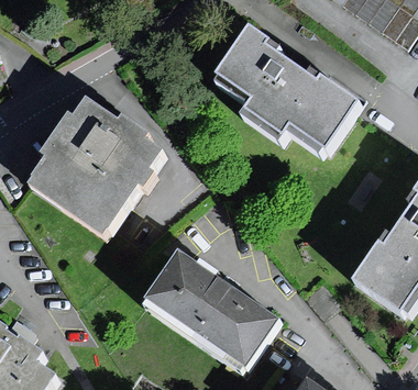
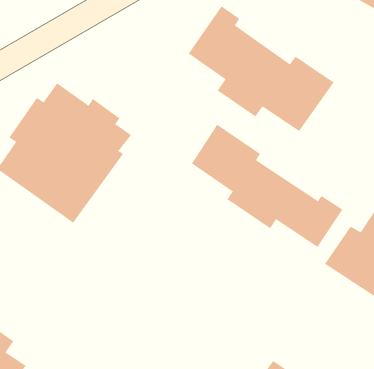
building: none -> [191,124,343,248]
building: [145,253,277,368] -> none

